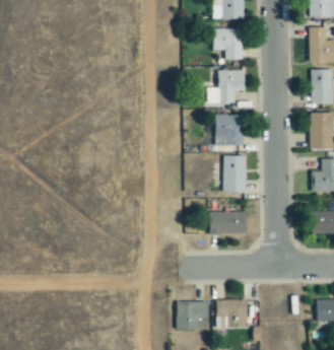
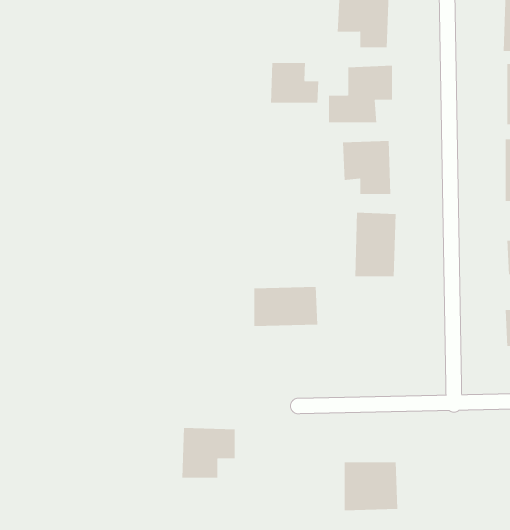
building: none -> [270,62,319,104]
building: [209,211,247,234] -> [253,286,318,327]
building: [176,300,207,330] -> [181,427,236,478]

